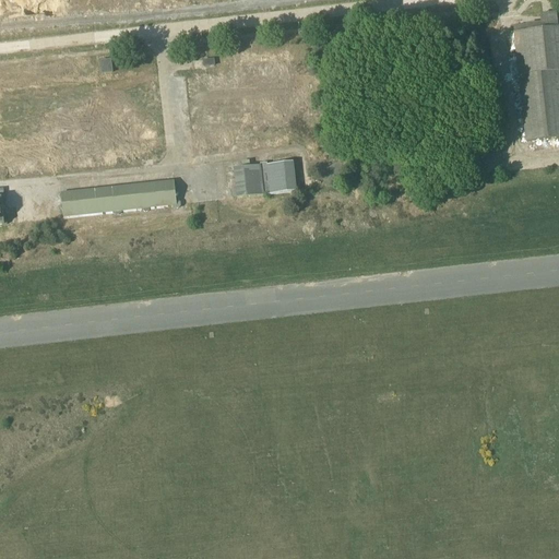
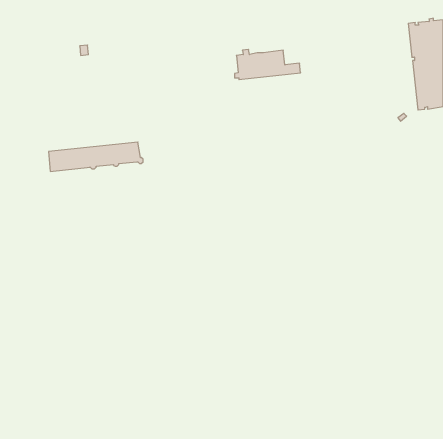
building: [231,158,314,197] -> [235,49,301,80]

